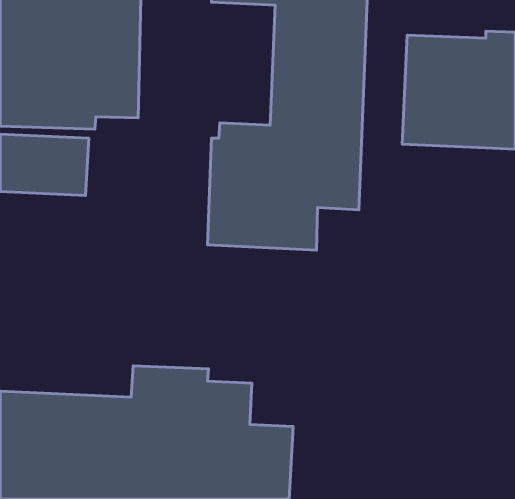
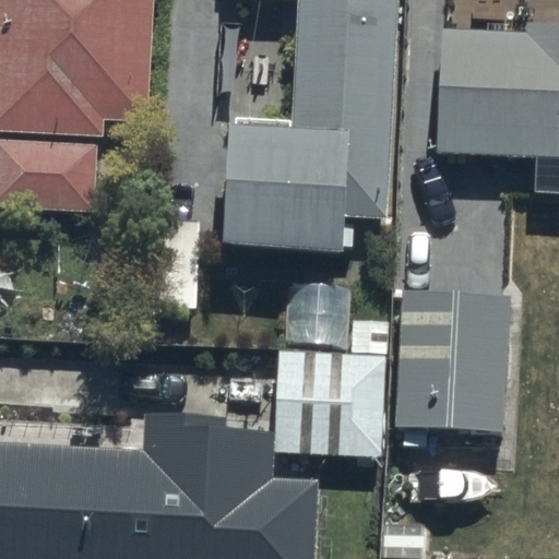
building: none -> [396,295,510,435]
building: none -> [276,333,386,439]

